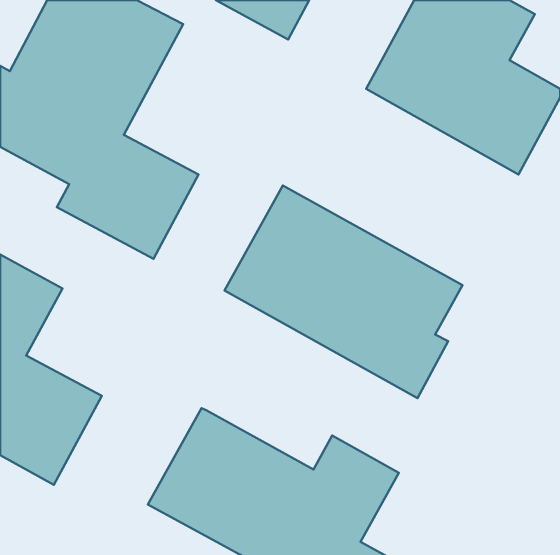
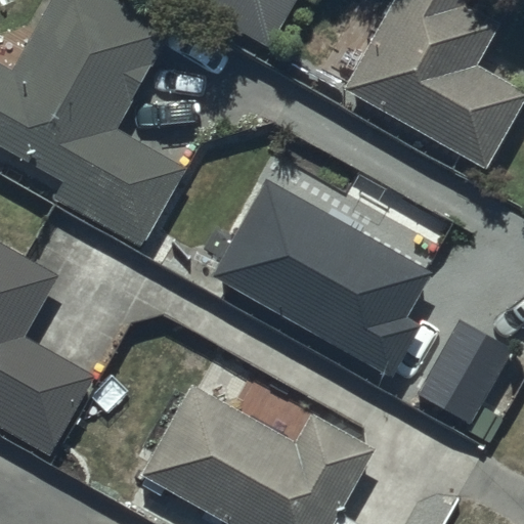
building: none -> [418,317,514,444]

